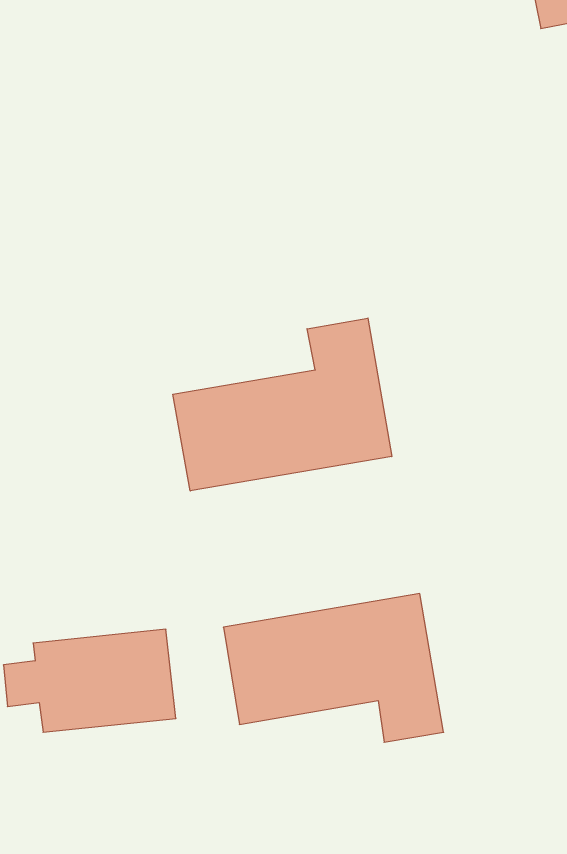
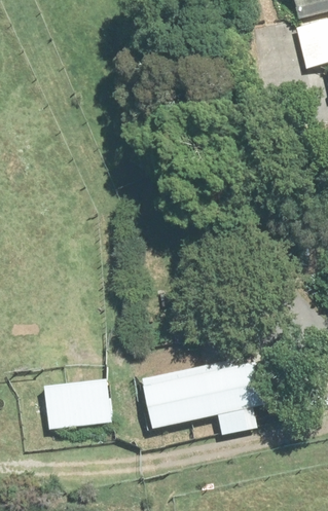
building: [173,318,392,491] -> none

